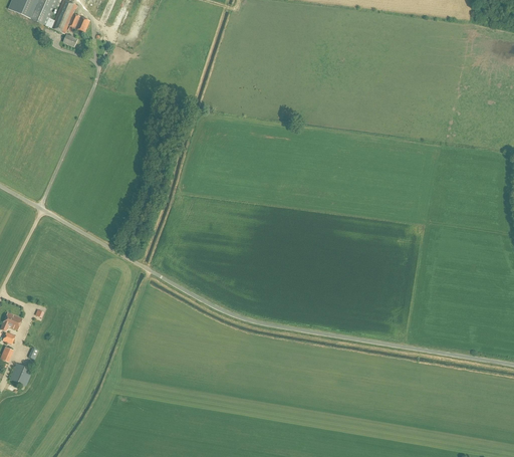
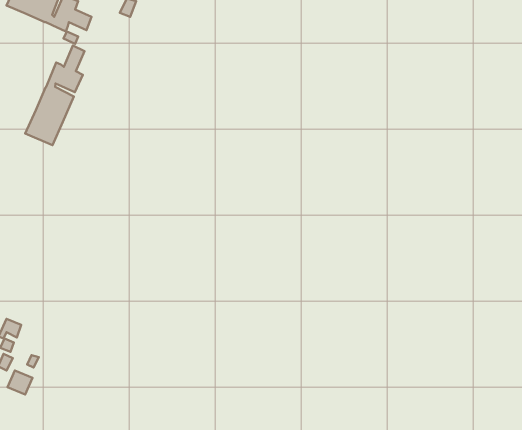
building: none -> [25,45,84,145]

